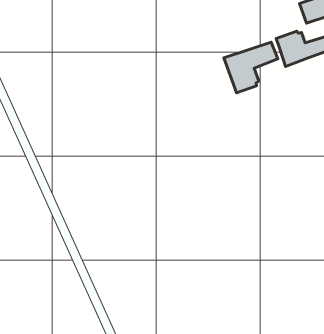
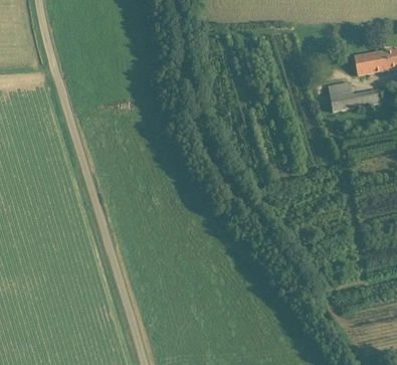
building: [224,42,278,93] -> none

